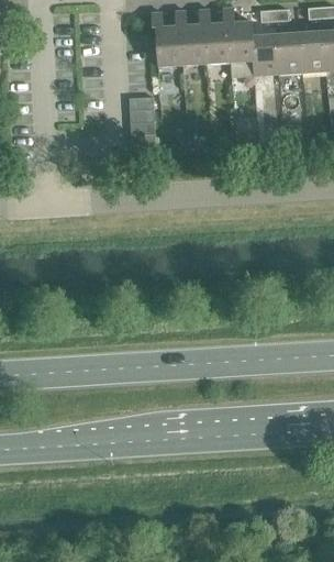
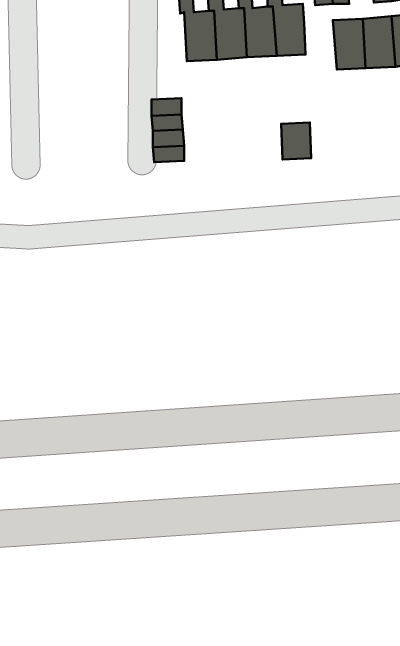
building: [252,33,278,75] -> none

